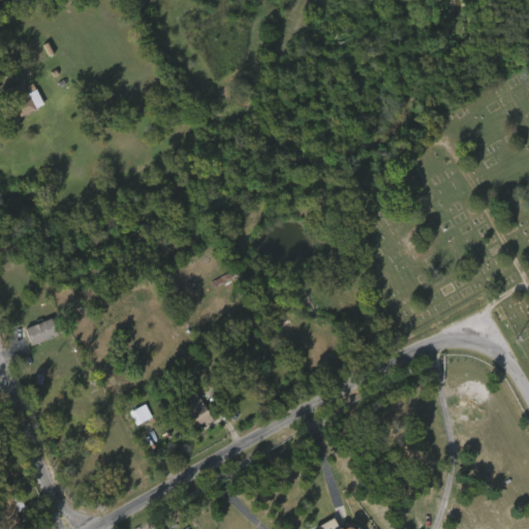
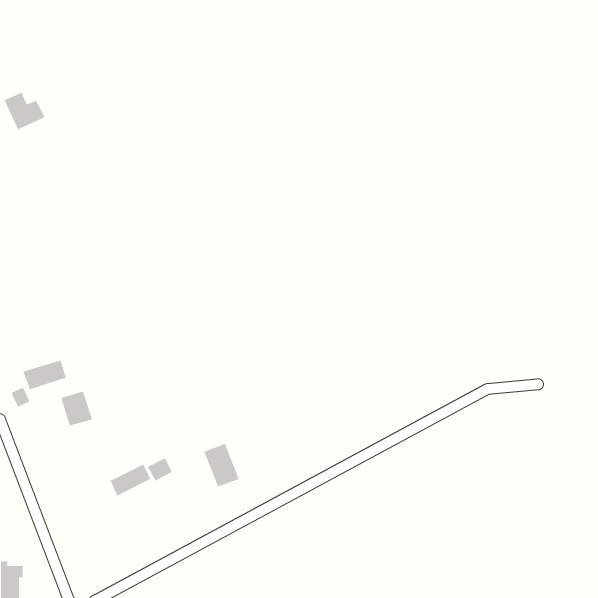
building: none -> [60,390,93,426]
building: none -> [110,464,151,497]

